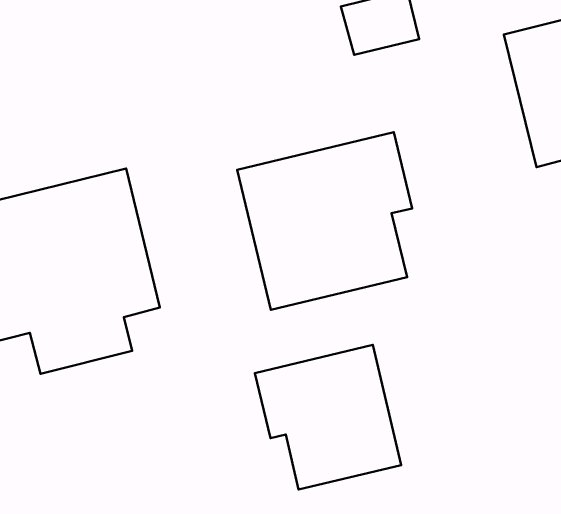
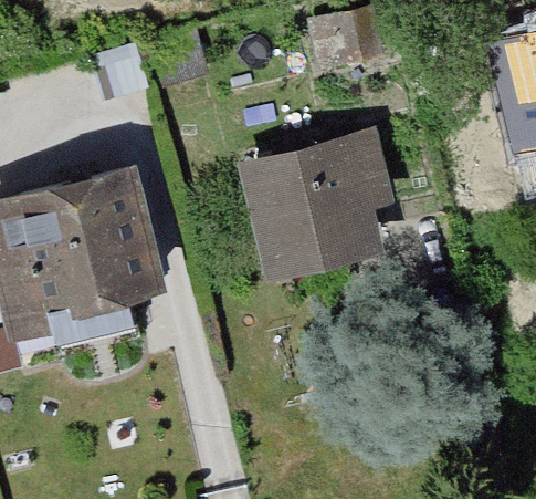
building: [255,345,401,490] -> none

